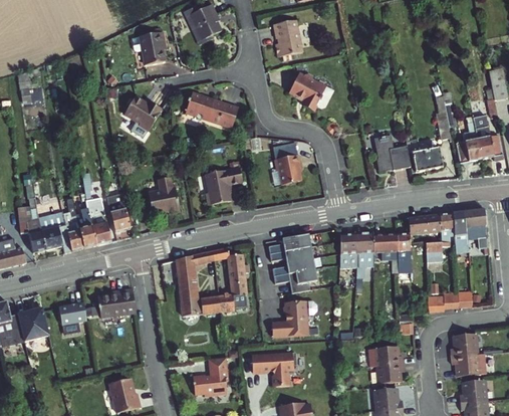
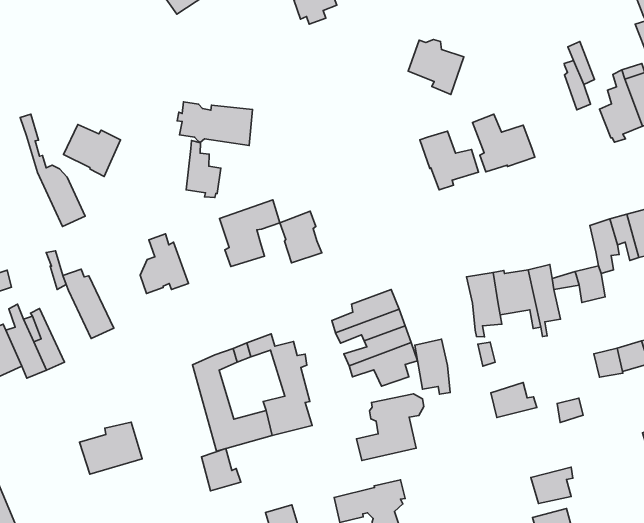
building: [131,31,165,64] -> none
building: [293,71,329,109] -> [408,39,464,95]
building: none -> [186,141,221,197]
building: none -> [420,131,479,190]
building: [407,142,442,171] -> none
building: [280,154,303,184] -> [280,211,322,263]
building: [81,171,111,244] -> [20,114,85,226]
building: [408,214,439,234] -> none
building: [338,233,356,267] -> [415,339,450,394]
building: [58,301,85,327] -> none
building: none -> [202,449,241,491]
building: [373,346,401,365] -> [491,382,537,418]

